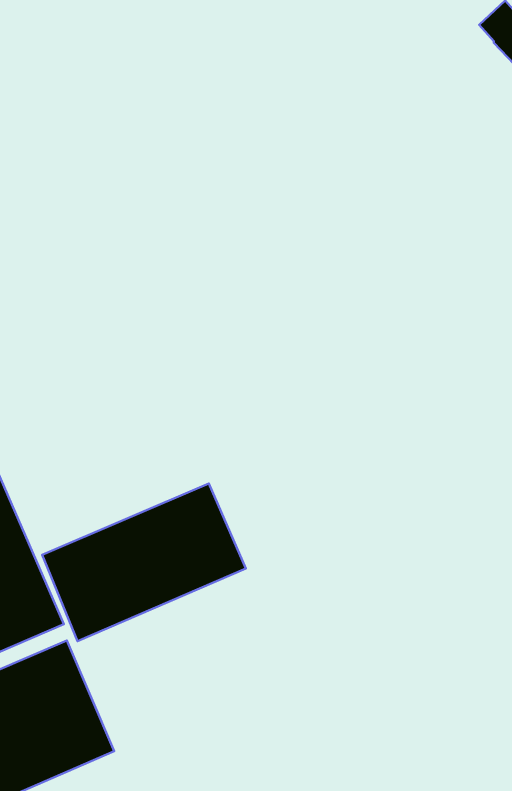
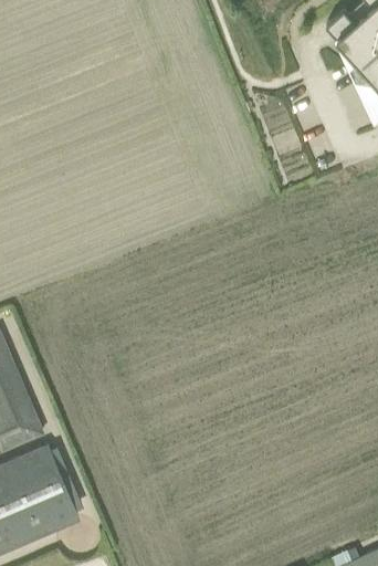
building: [42,484,246,641] -> none

